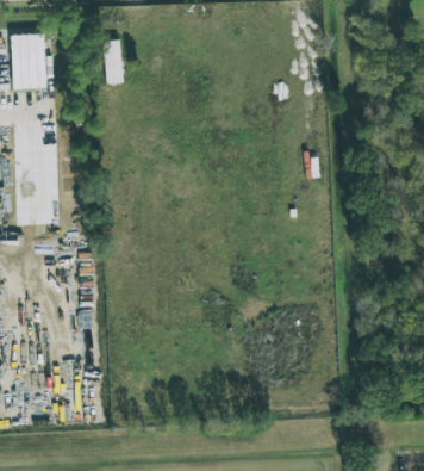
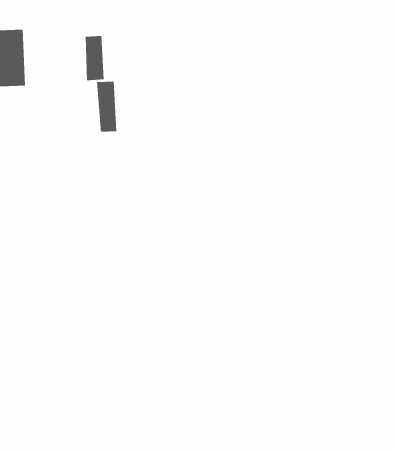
building: none -> [97,81,117,133]

